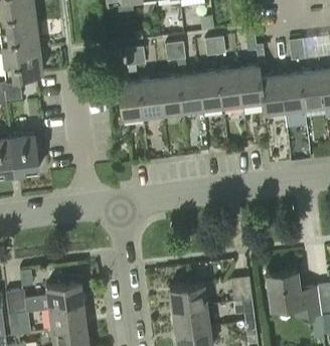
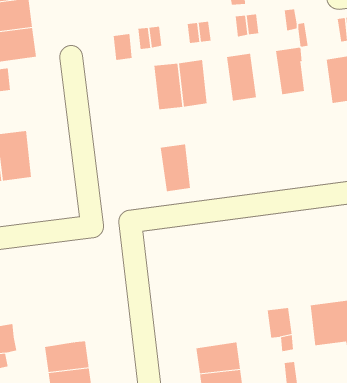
building: [218,67,243,106] -> none
building: [179,72,203,111] -> none
building: [260,74,285,113] -> none
building: [118,79,143,119] -> [160,144,191,192]
building: [25,284,84,313] -> none
building: [170,284,207,311] -> none

